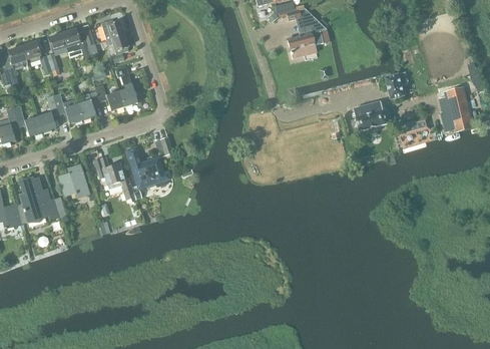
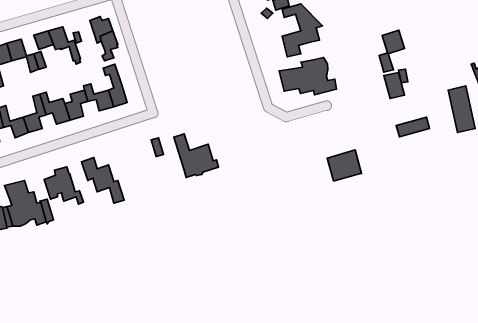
building: none -> [379,30,404,72]
building: none -> [279,58,337,95]
building: [354,100,387,130] -> [327,150,361,181]
building: [125,146,168,189] -> [174,134,218,178]

